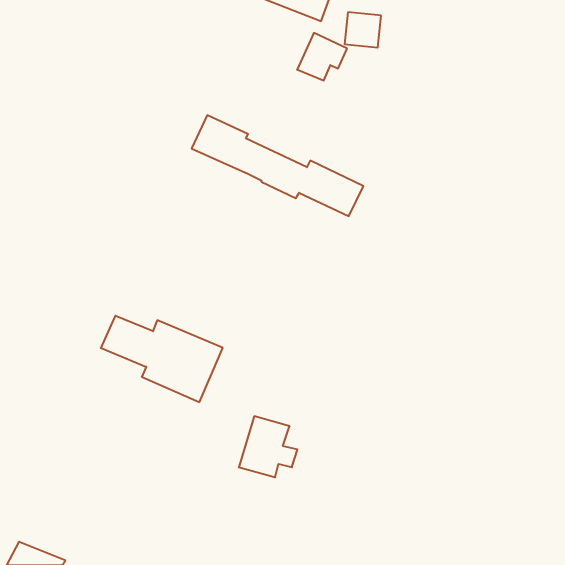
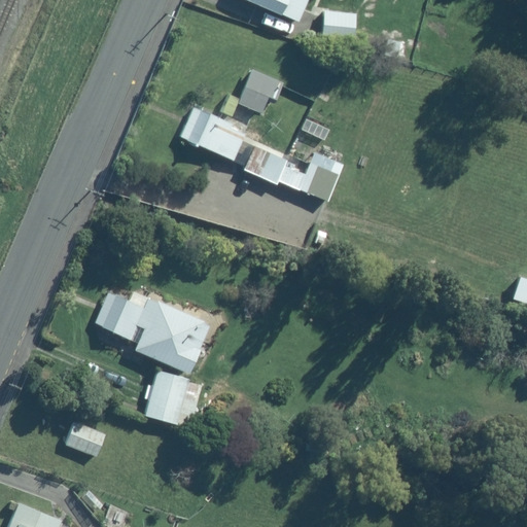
building: [297,33,347,81] -> [237,69,283,113]
building: [239,416,297,477] -> [142,368,197,425]
building: none -> [64,421,105,457]

